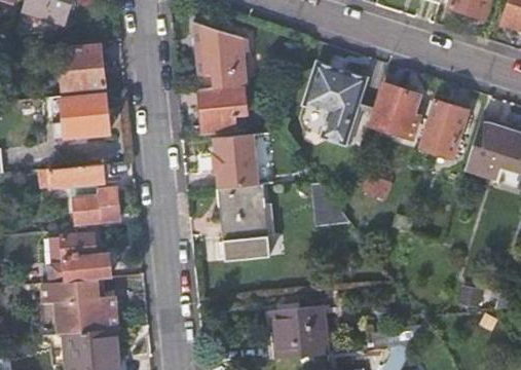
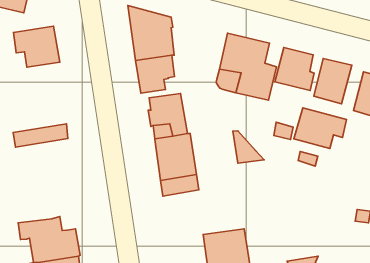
building: [50,92,110,139] -> none
building: none -> [294,108,347,148]
building: [75,190,117,226] -> none
building: [48,235,112,282] -> none

